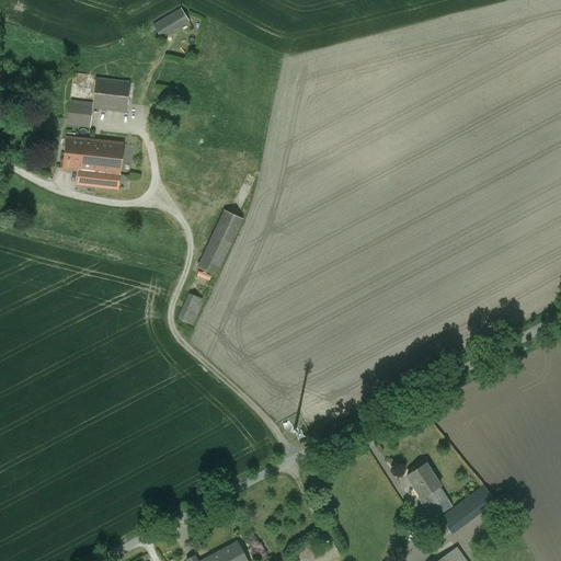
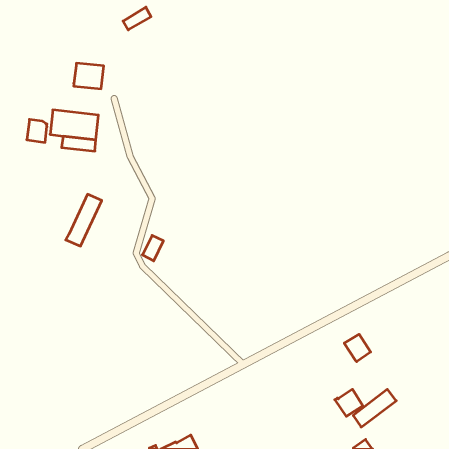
building: [67,99,92,127] -> [27,119,47,142]
building: [197,210,242,275] -> [66,194,102,246]
building: [407,463,439,497] -> [344,334,371,362]

